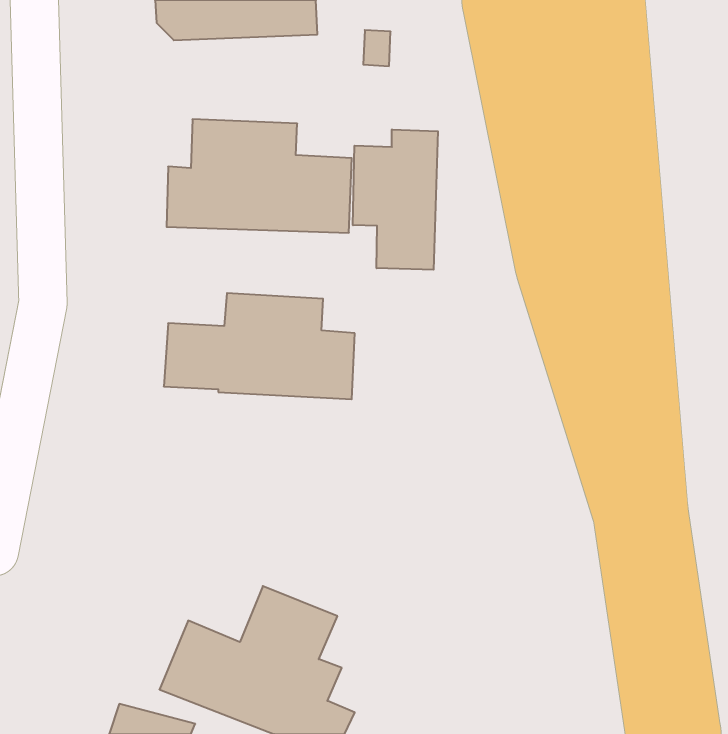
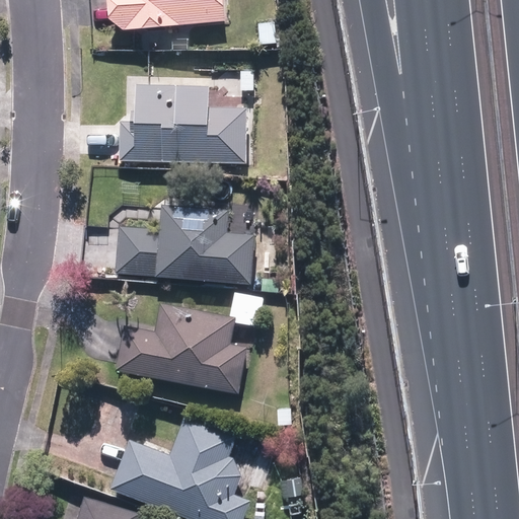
building: [353,129,438,270] -> none
building: none -> [113,293,262,393]

